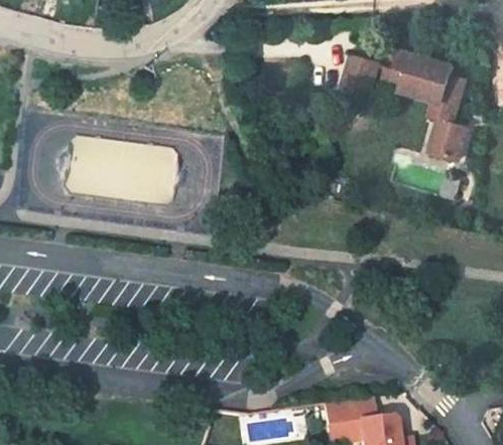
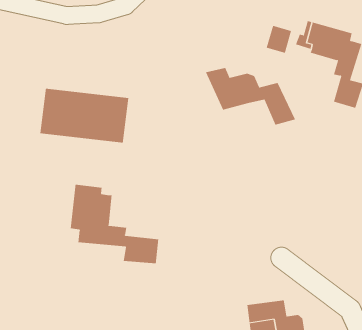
building: none -> [205,67,296,125]
building: none -> [70,184,159,264]

